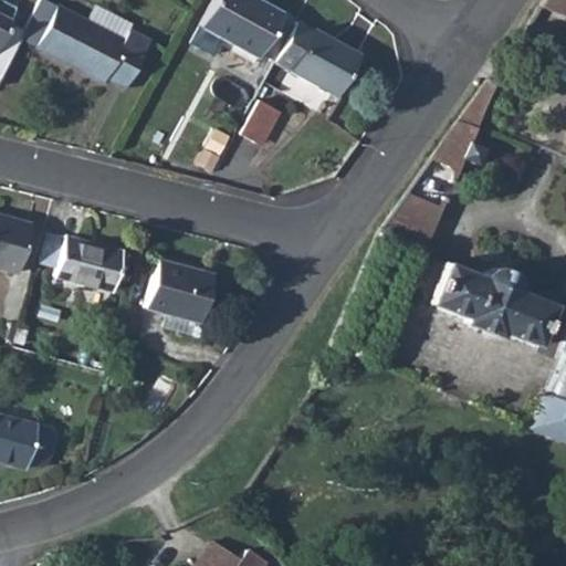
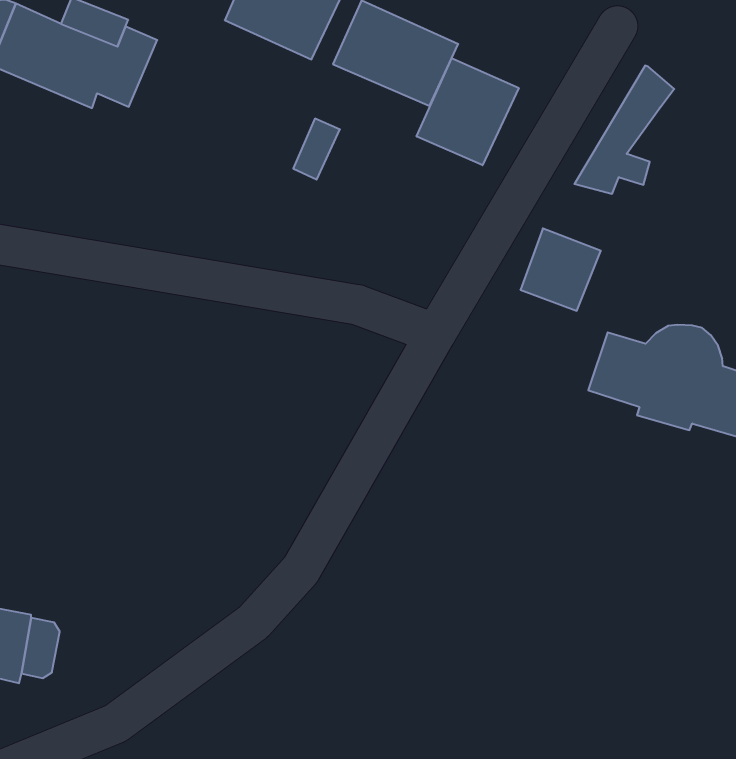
building: none -> [417,58,519,165]
building: [52,237,122,293] -> none
building: [142,260,210,323] -> none

